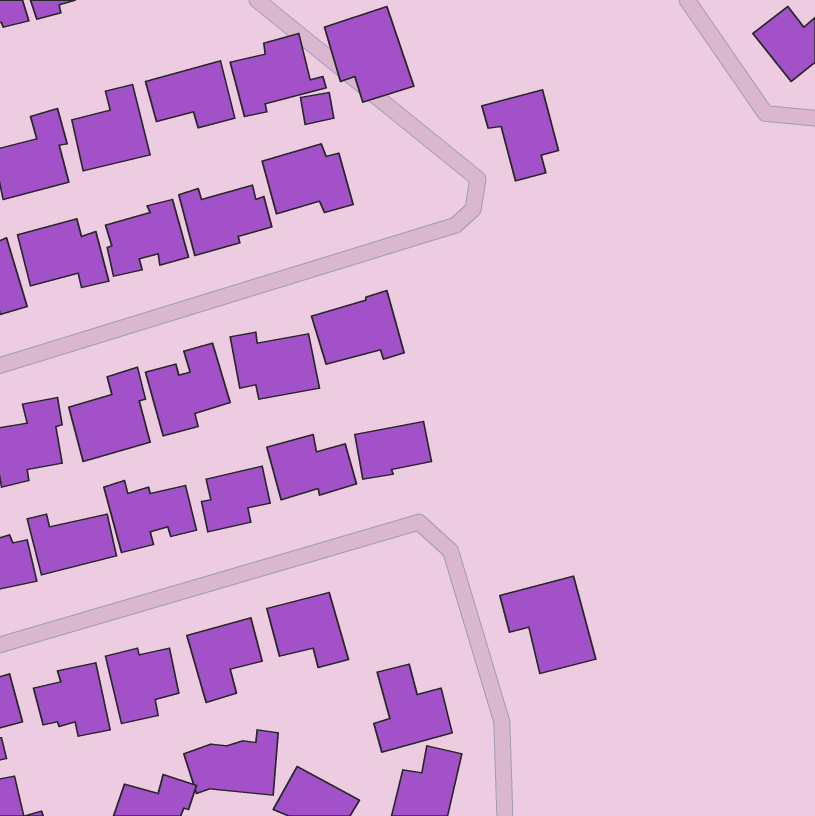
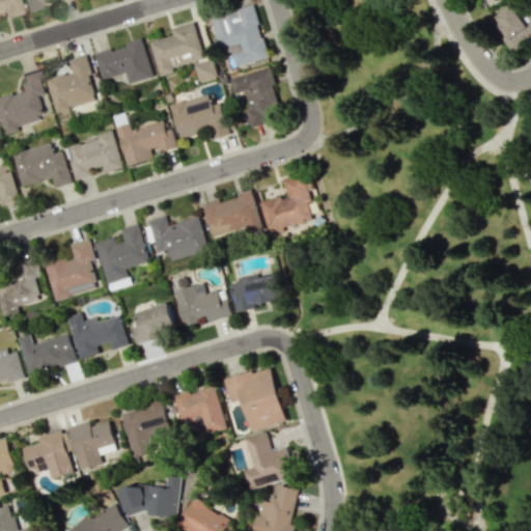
building: [482,90,559,181] -> [229,67,279,127]
building: none -> [259,174,311,231]
building: [500,576,596,674] -> [223,366,285,429]

